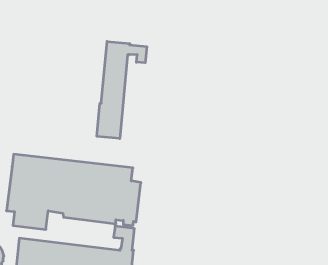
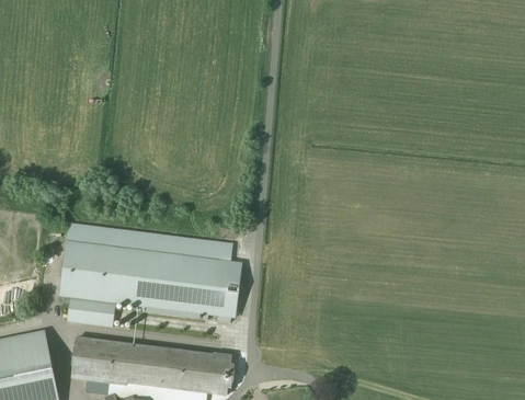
building: [97,41,147,139] -> none

